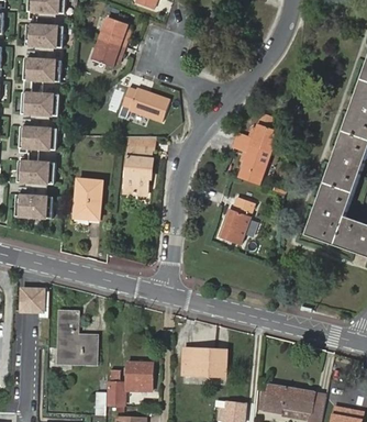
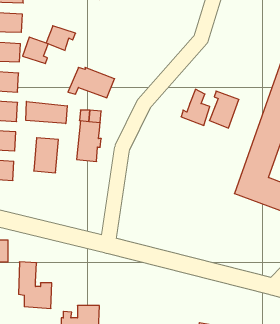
building: [98,16,127,47] -> [23,37,48,64]
building: none -> [26,101,67,124]
building: [238,144,273,187] -> [209,91,239,128]
building: [219,198,256,246] -> none
building: [182,348,225,375] -> none

